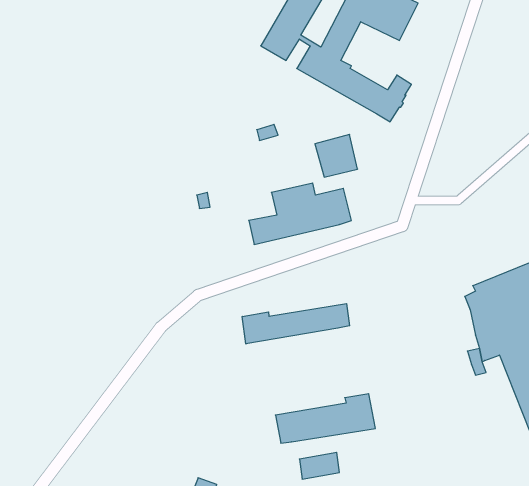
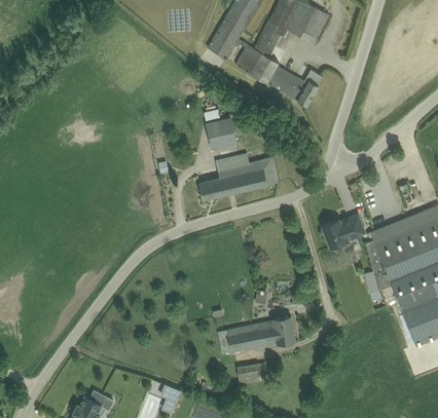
building: [315,134,358,177] -> [205,117,238,150]
building: none -> [322,214,365,248]
building: [242,304,350,344] -> none

